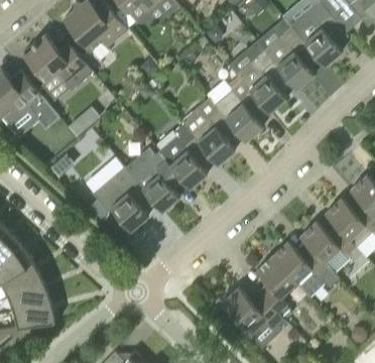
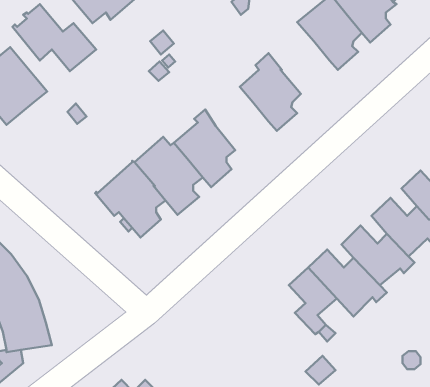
building: [235,49,289,113] -> none
building: [181,98,238,164] -> none
building: [222,287,285,336] -> none

